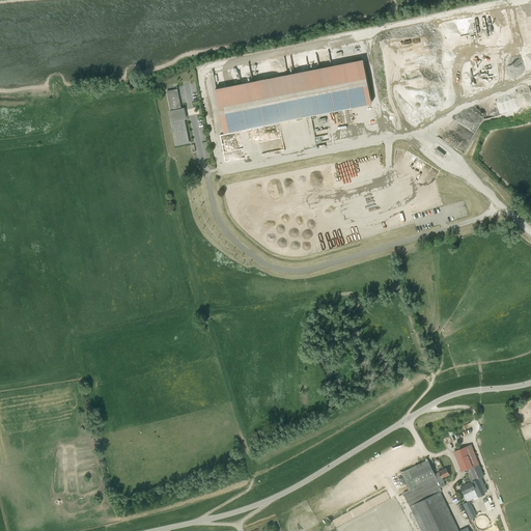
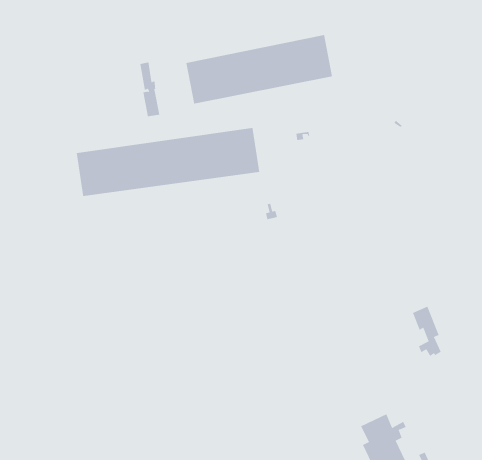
building: none -> [76,127,260,197]
building: [454,445,485,499] -> [412,306,442,357]

